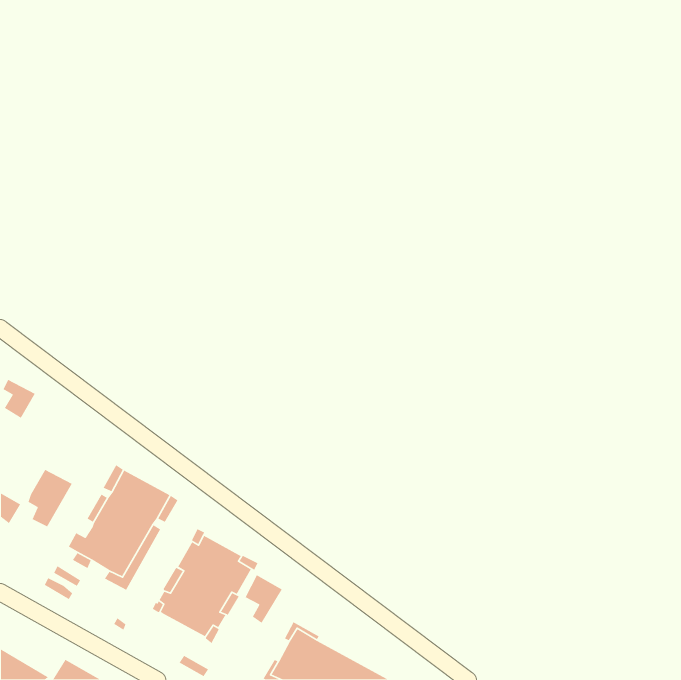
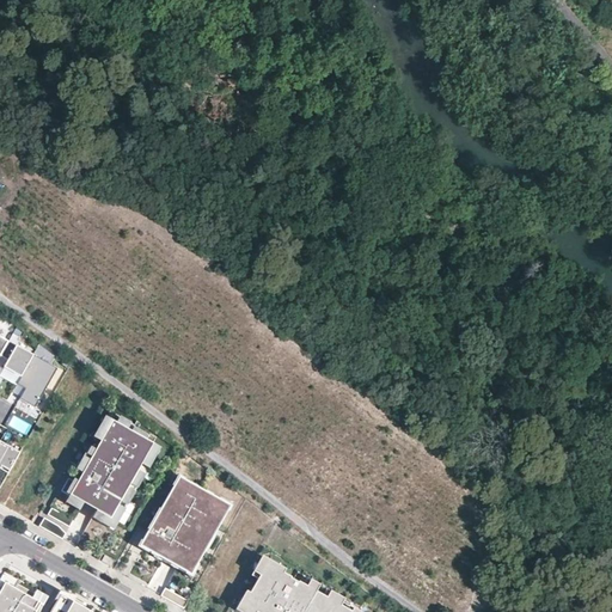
building: [27,469,73,527] -> [17,353,57,405]
building: [244,574,283,624] -> none

